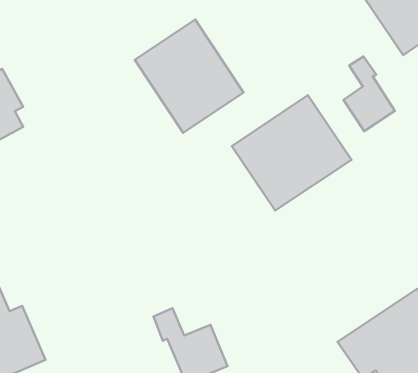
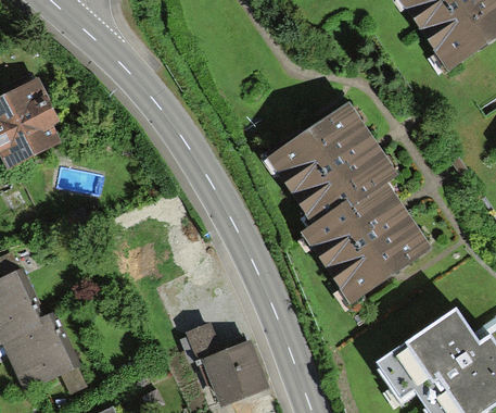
building: [135,19,244,133] -> none
building: [343,56,395,131] -> none
building: none -> [304,182,427,299]

